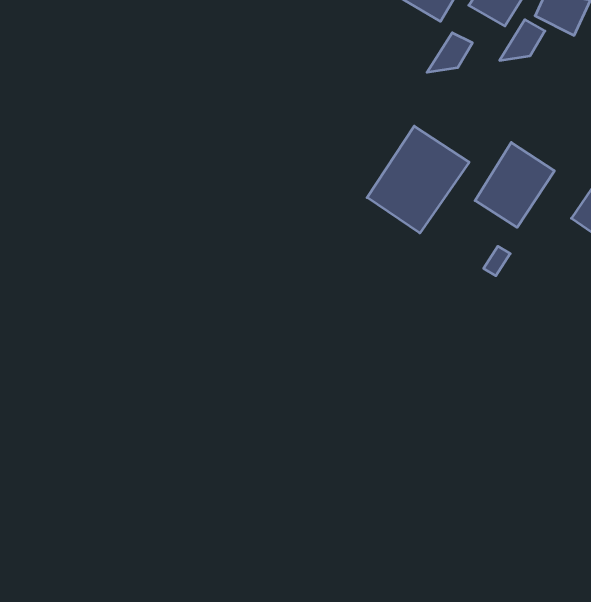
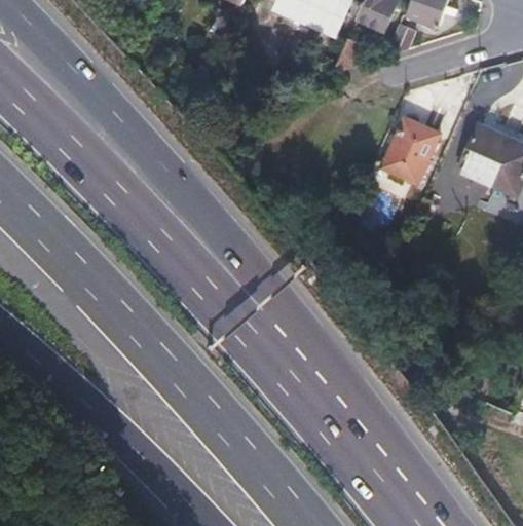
building: [367,126,469,233] -> none

